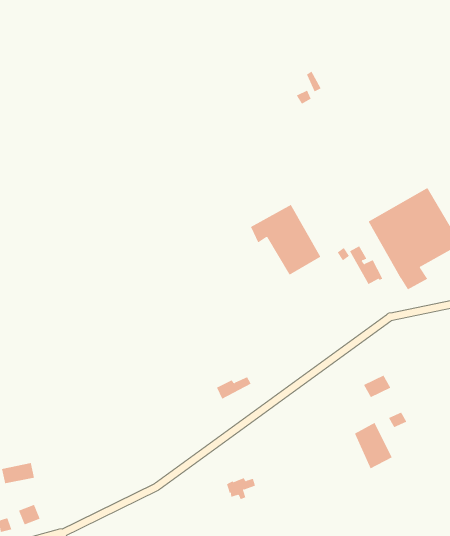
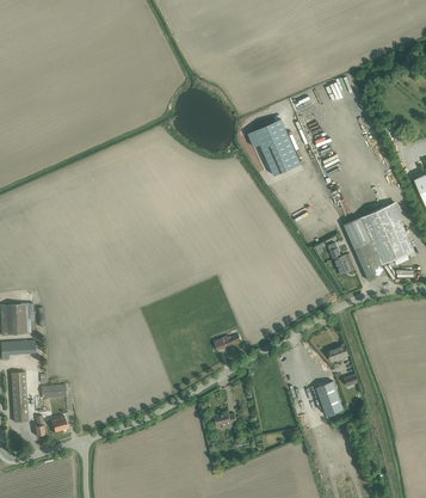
building: [250,204,321,276] -> [248,119,301,174]

